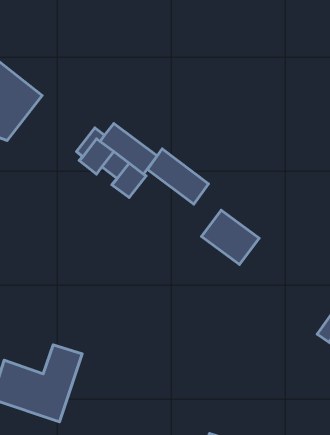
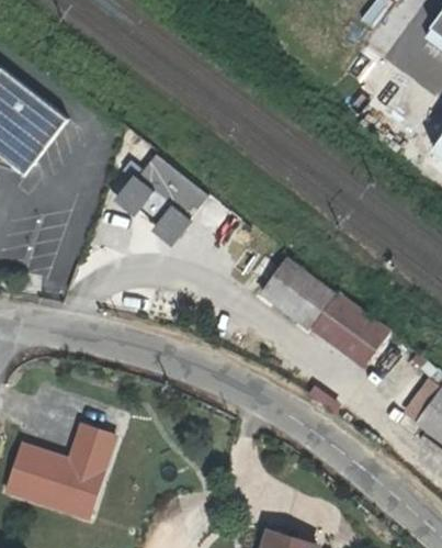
building: [147,149,209,204] -> none
building: none -> [307,291,384,365]

